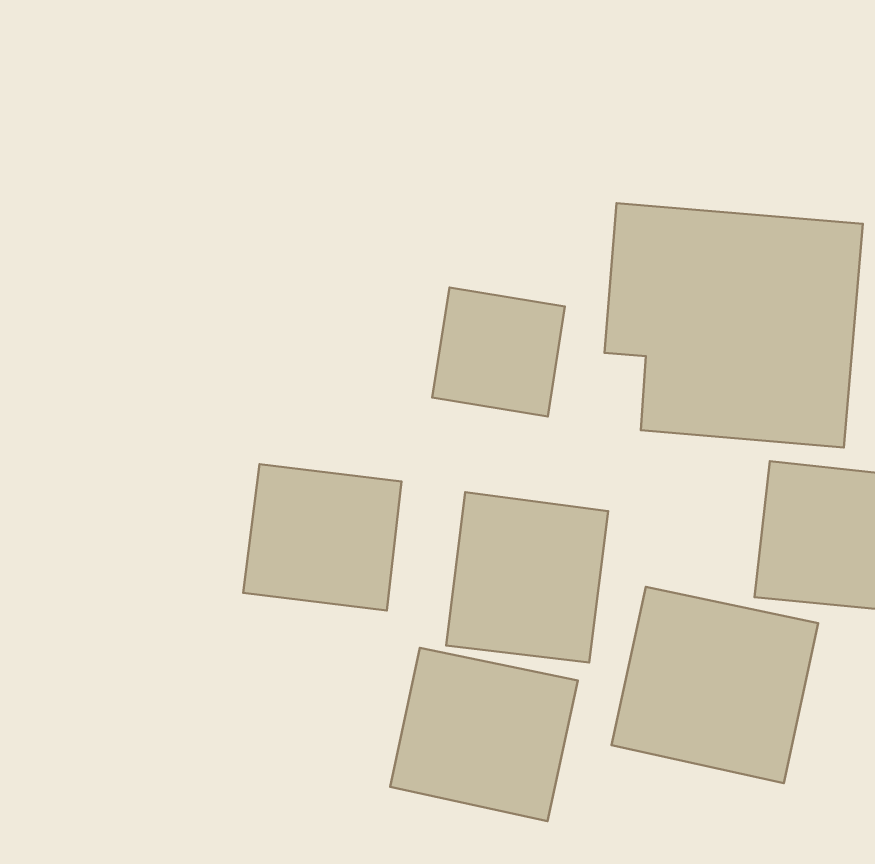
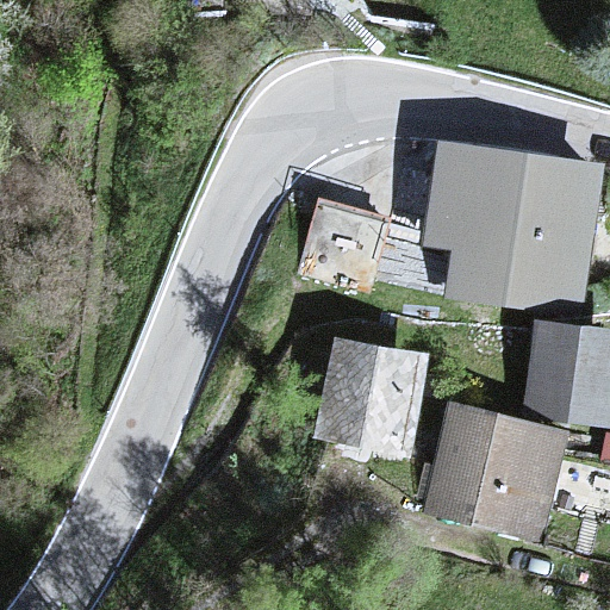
building: [243,464,402,610] -> none
building: [390,648,578,821] -> none

